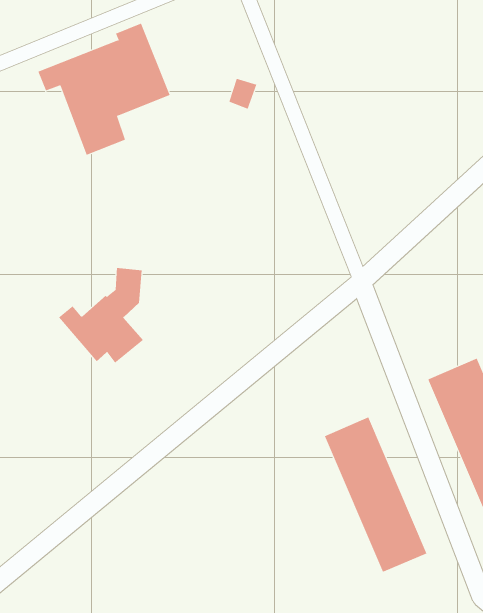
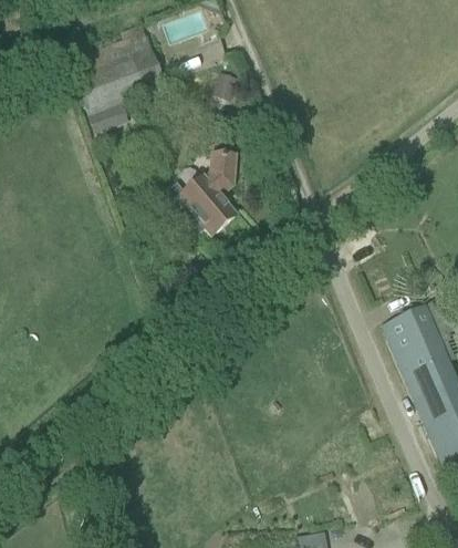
building: [58,267,144,363] -> [164,152,236,232]
building: [324,416,427,573] -> none

